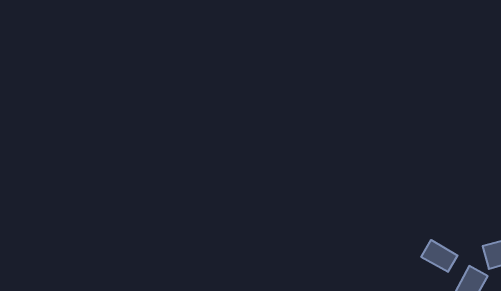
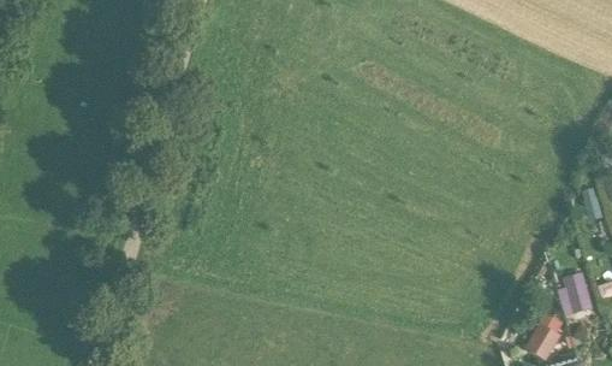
building: [421,240,458,272] -> none

